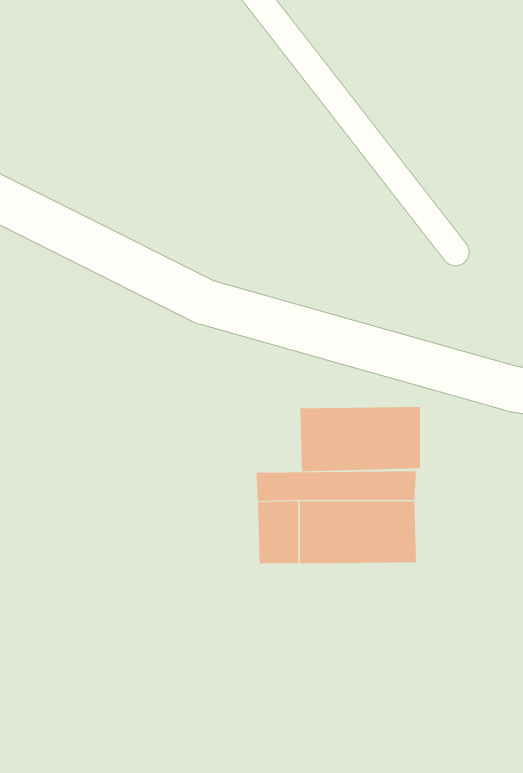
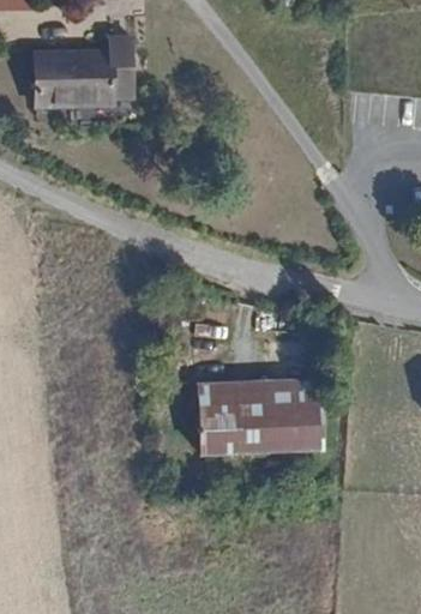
building: none -> [35,37,133,103]
building: [300,406,421,472] -> none

